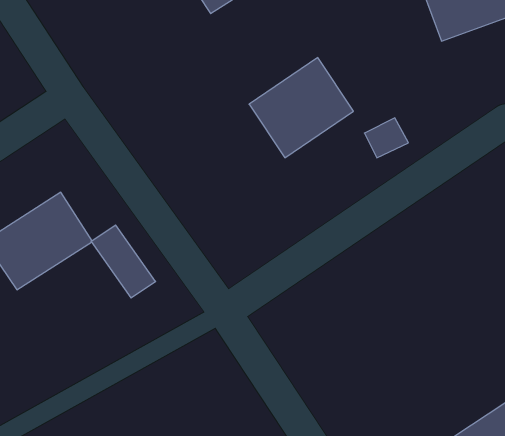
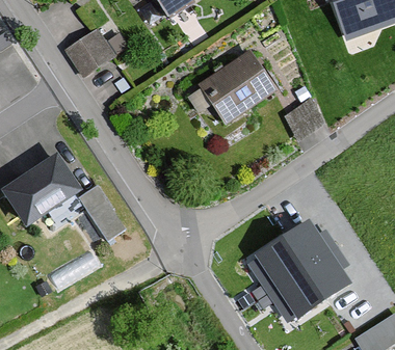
building: none -> [63,27,114,77]
building: none -> [258,226,347,319]

